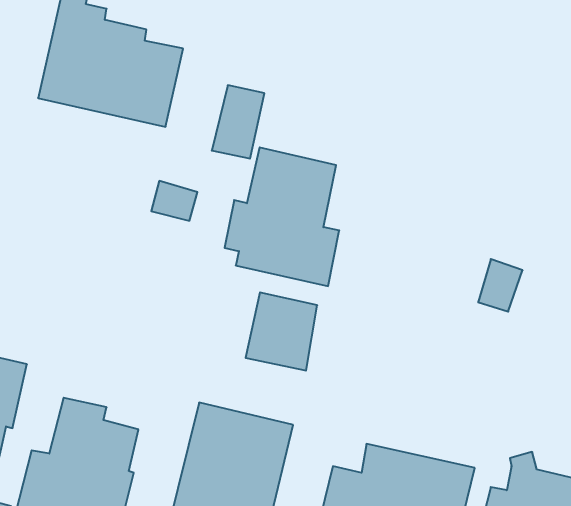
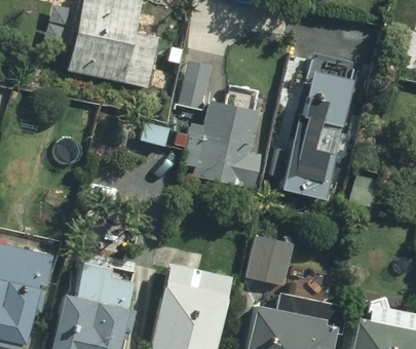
building: none -> [272,54,357,199]
building: [246,292,317,371] -> [247,235,293,285]

